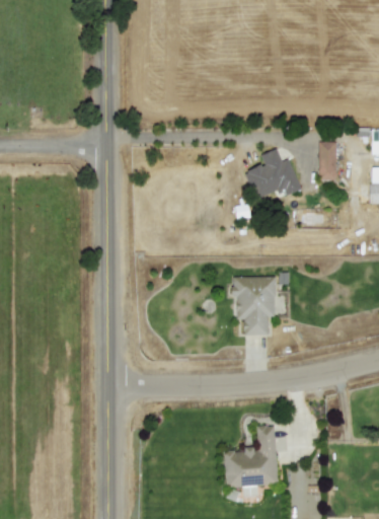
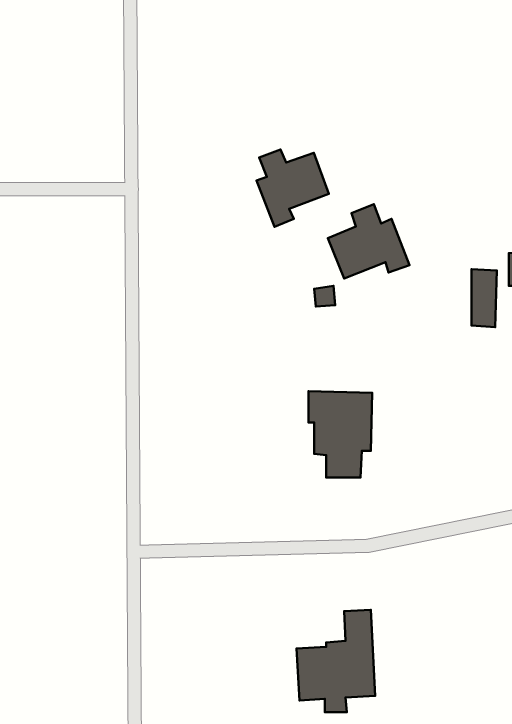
building: none -> [257,150,329,227]
building: [320,141,337,180] -> [471,269,497,327]

